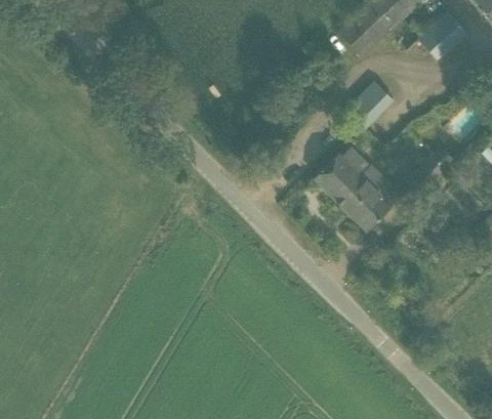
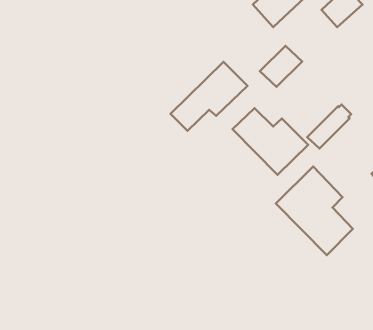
building: none -> [170,62,247,131]
building: none -> [276,167,353,255]

